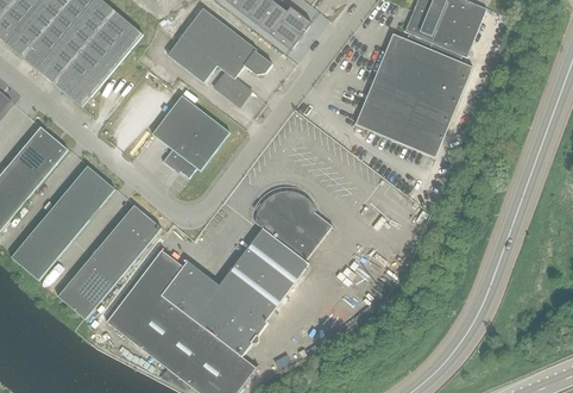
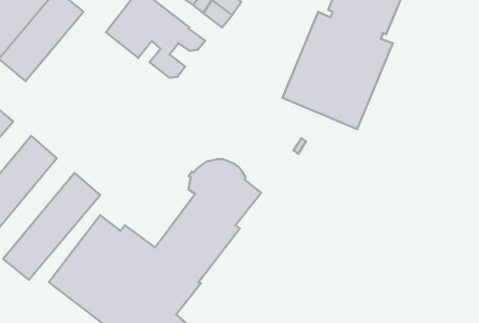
building: [151,94,229,177] -> none

